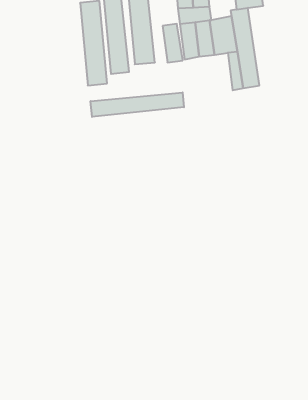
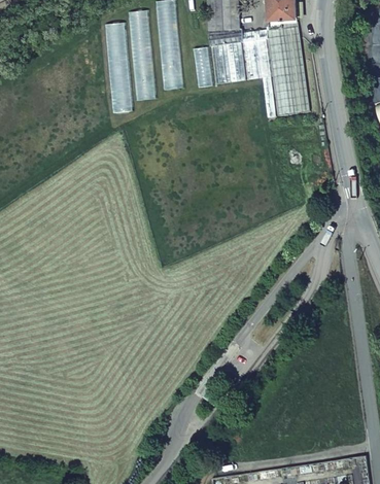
building: none -> [283,28,312,113]
building: [91,92,184,117] -> none

